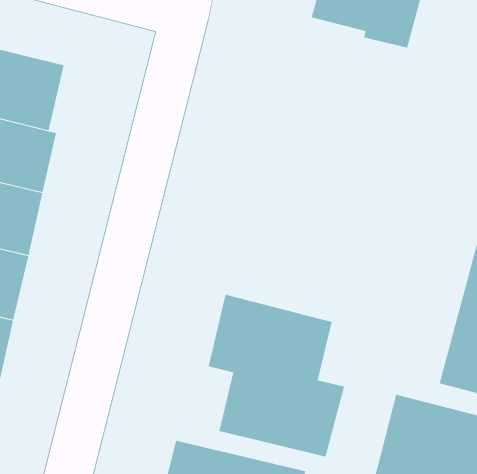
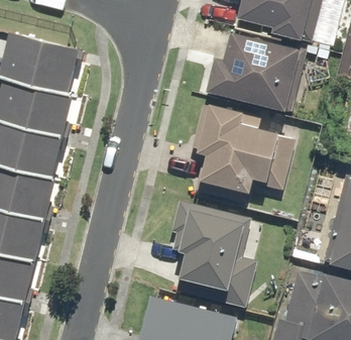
building: none -> [208,30,302,111]
building: none -> [197,104,277,204]

